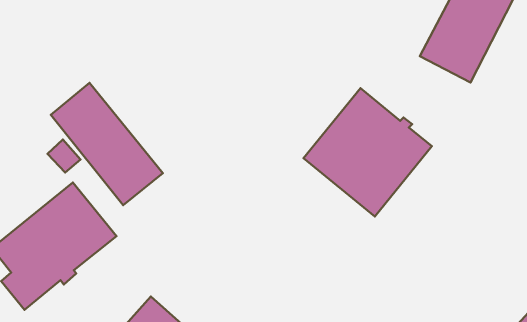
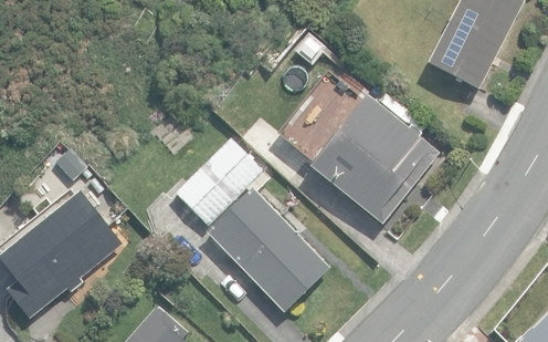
building: [51,83,163,205] -> none
building: none -> [175,137,329,312]

